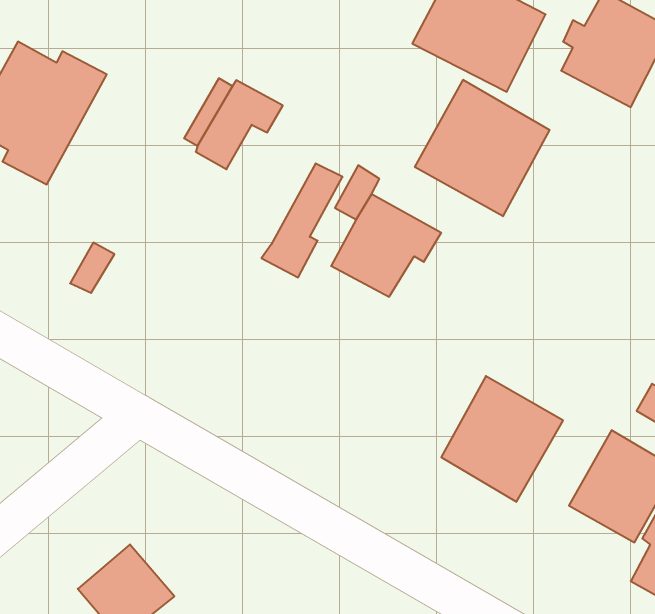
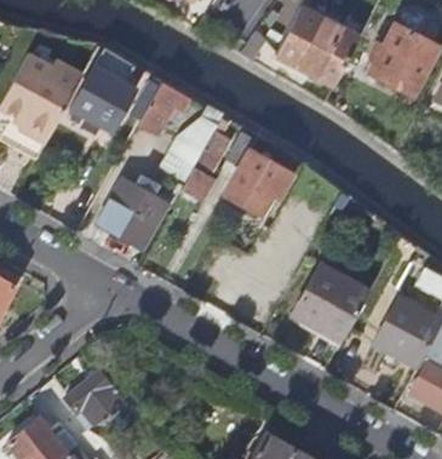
building: none -> [70,48,134,132]
building: [415,80,549,216] -> none
building: none -> [161,120,216,182]
building: none -> [97,177,166,245]

